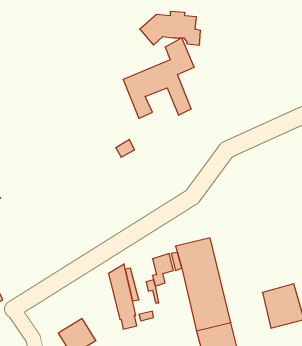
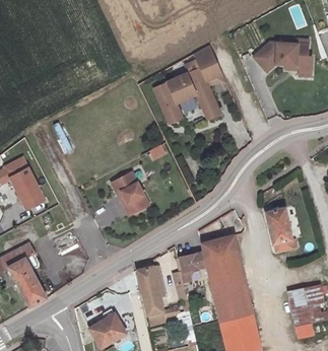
building: [140,11,201,45] -> [252,39,311,71]
building: none -> [106,171,144,215]
building: none -> [266,210,296,254]

